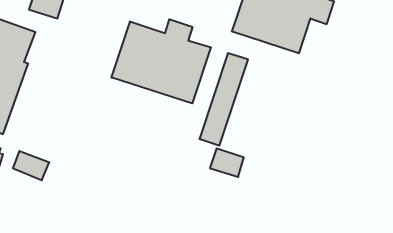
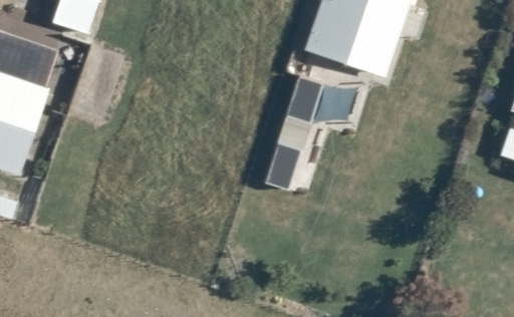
building: [111,19,211,103] -> none

